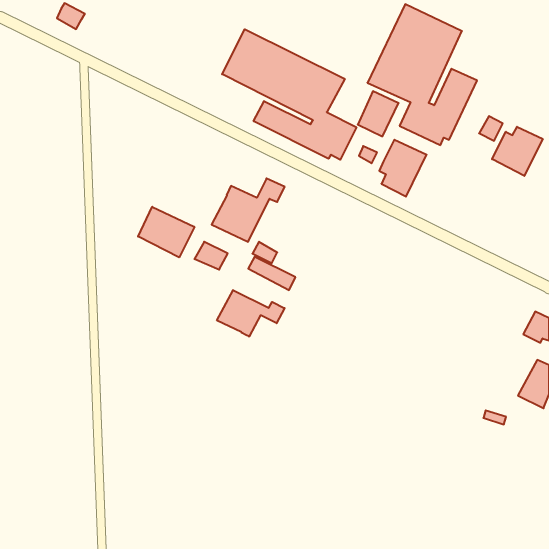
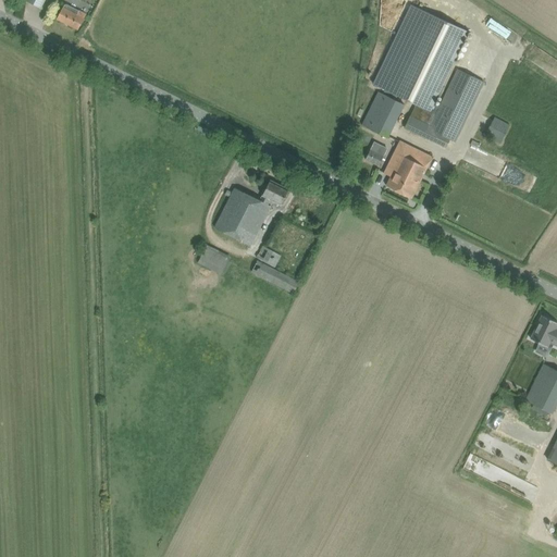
building: [222,29,356,160] -> none
building: [492,127,543,176] -> none
building: [138,207,194,257] -> none
building: [217,290,285,337] -> none

